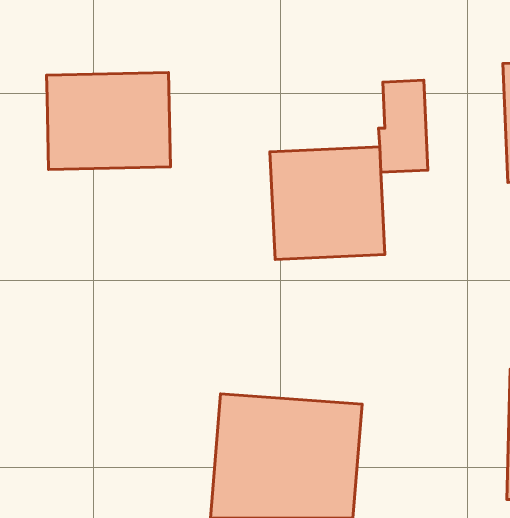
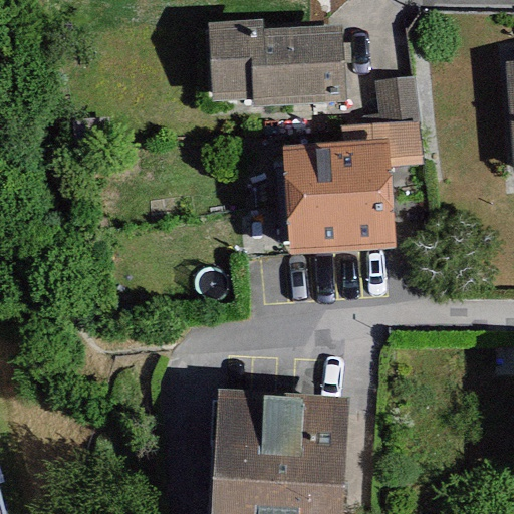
building: none -> [207,27,343,104]
building: [46,72,170,170] -> none

